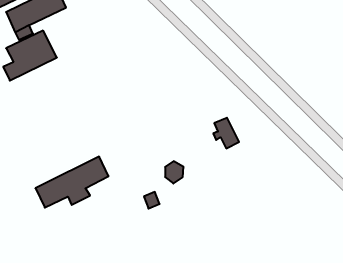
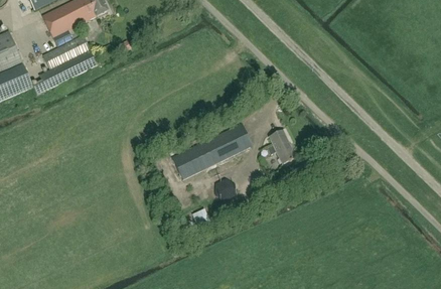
building: [35,157,109,208] -> [171,123,251,178]

